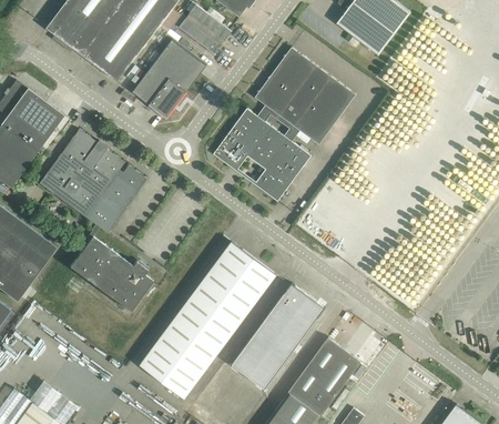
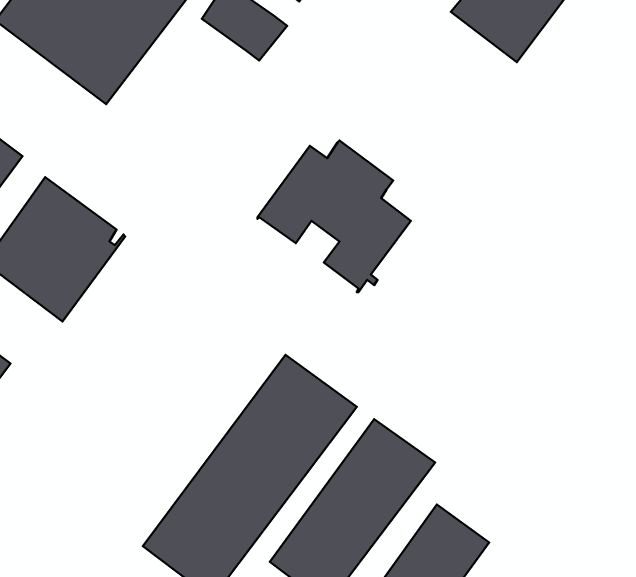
building: [132,40,205,118] -> none
building: [254,48,355,145] -> none
building: [69,166,152,312] -> none

